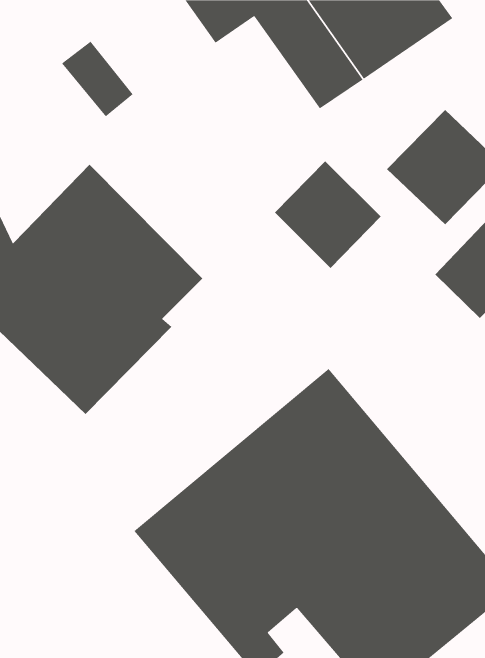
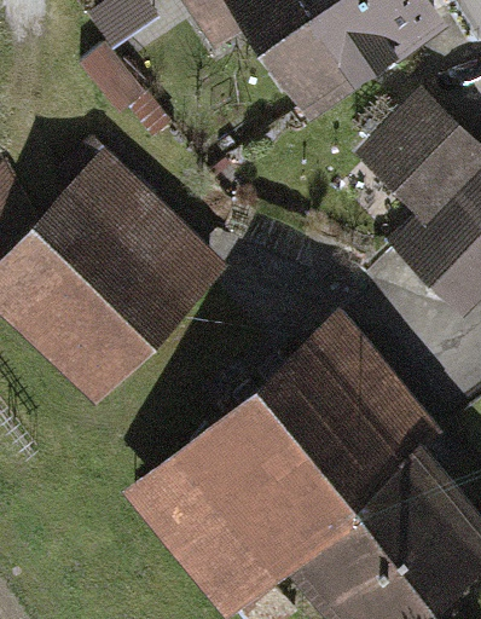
building: [274,160,382,269] -> none

